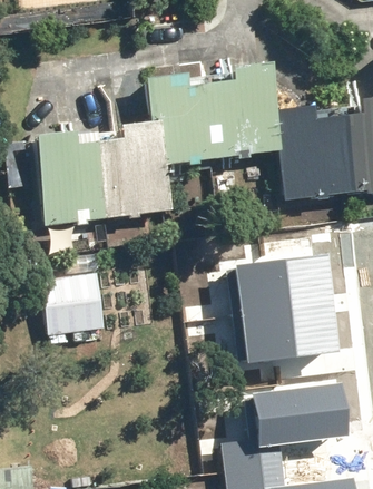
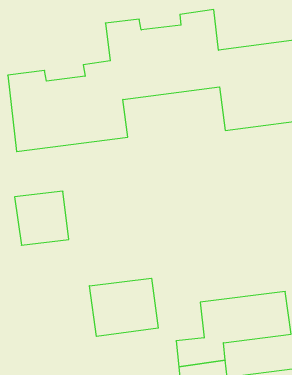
building: [243,256,338,356] -> none
building: none -> [89,278,158,336]

